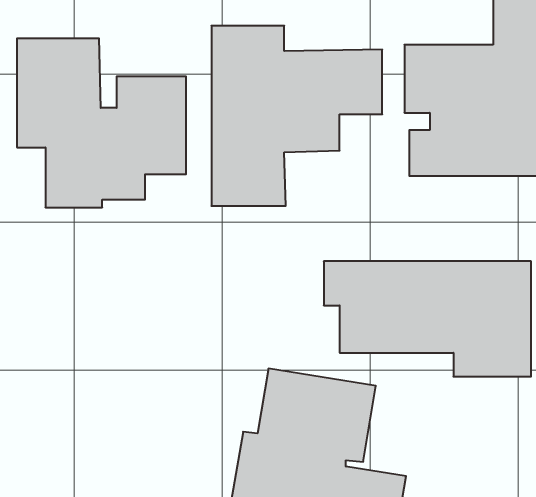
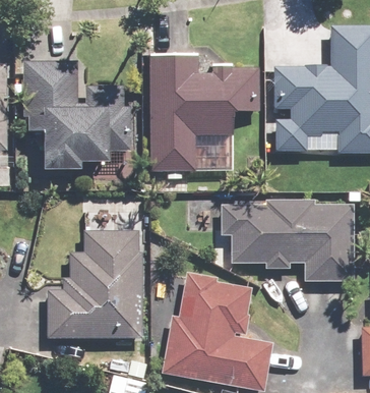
building: none -> [48,232,143,339]

